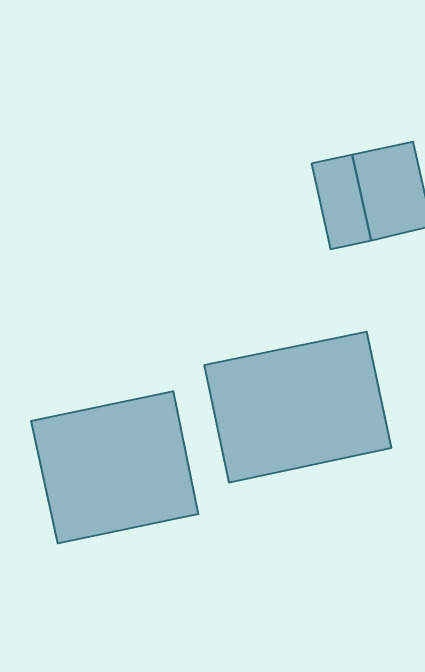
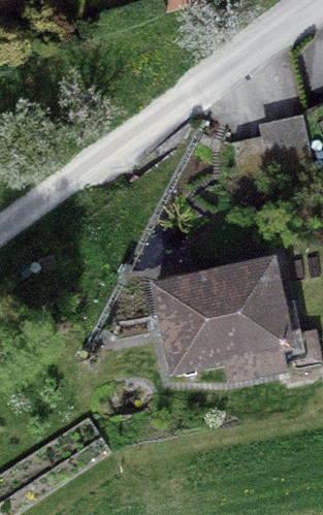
building: [31,391,198,543] -> none

